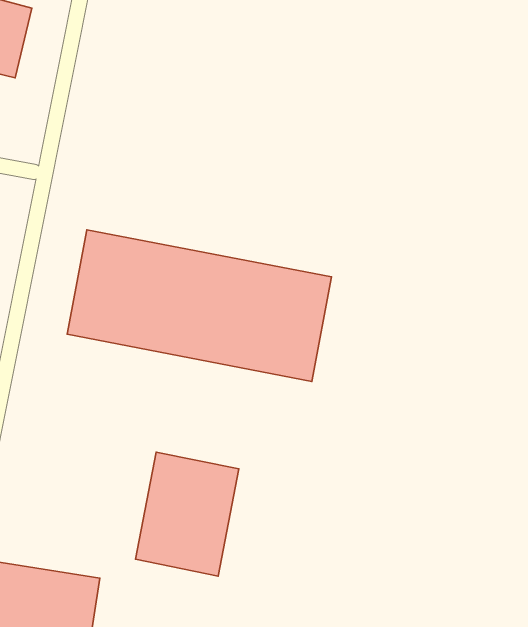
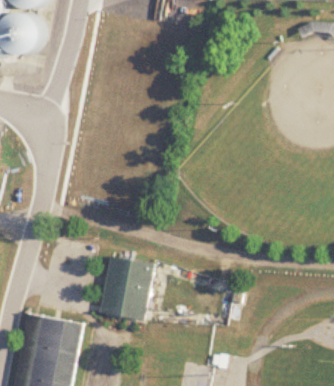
building: [67,230,331,381] -> none

